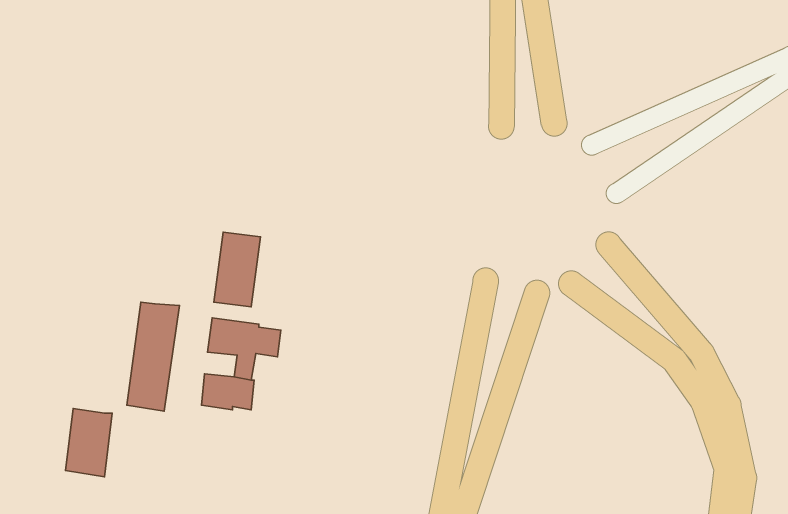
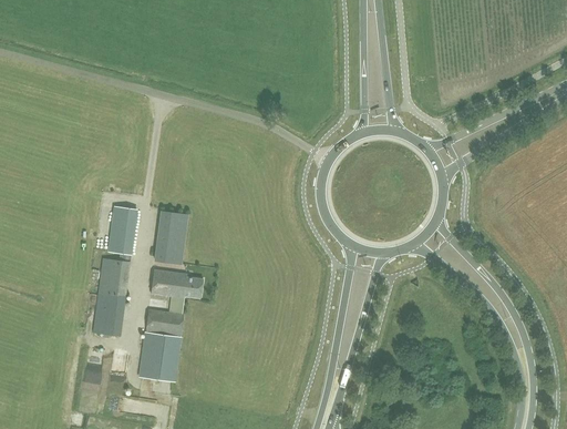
building: none -> [109,206,136,253]
building: [65,408,112,477] -> [140,331,173,380]

